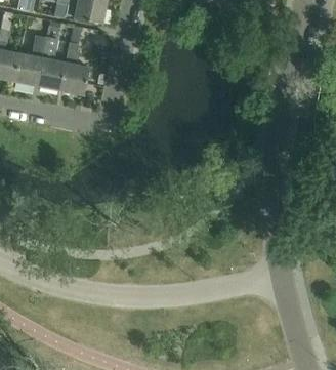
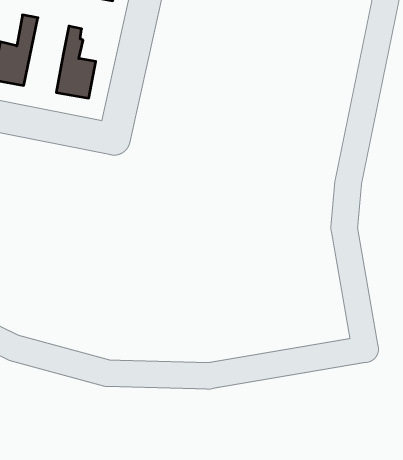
building: [37,36,66,90] -> none

